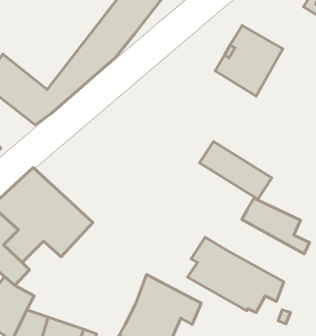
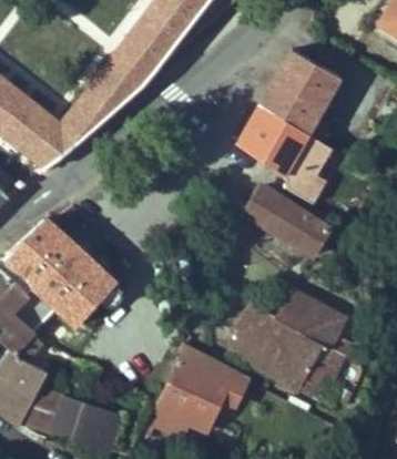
building: none -> [237,103,332,205]
building: [242,198,310,254] -> [274,290,355,357]

